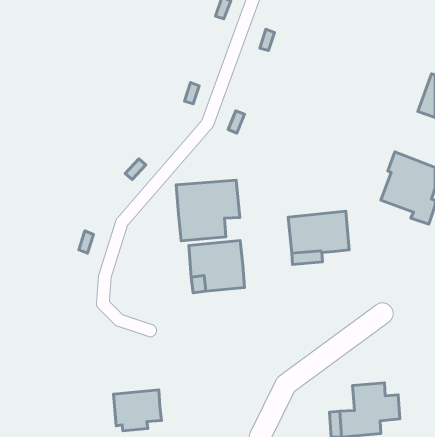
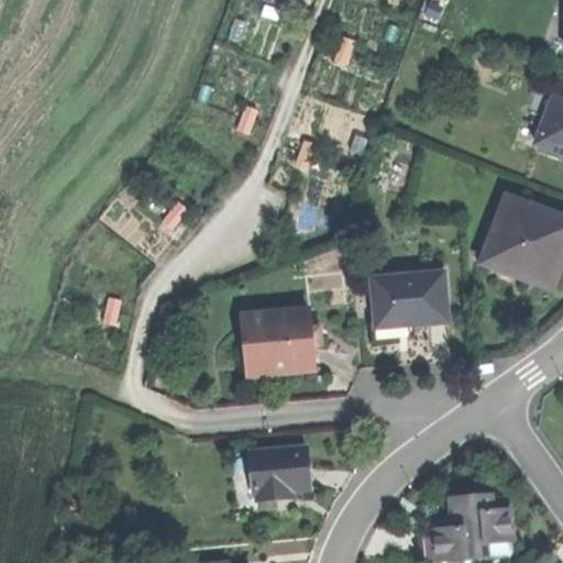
building: [176,180,240,241] -> none
building: [114,390,162,431] -> [249,445,310,498]

